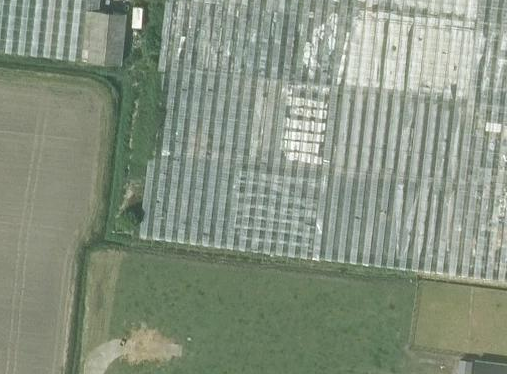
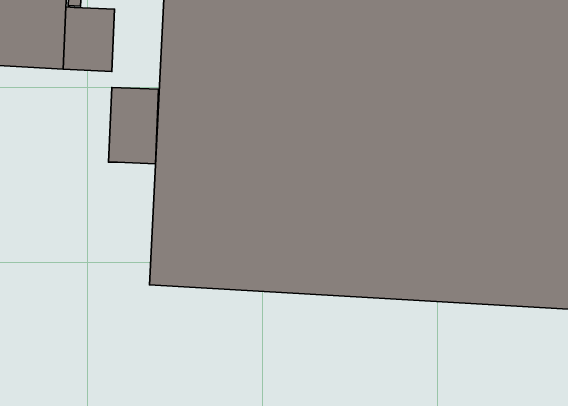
building: none -> [109,88,159,164]

